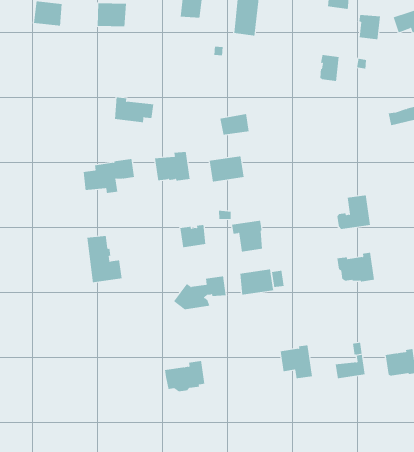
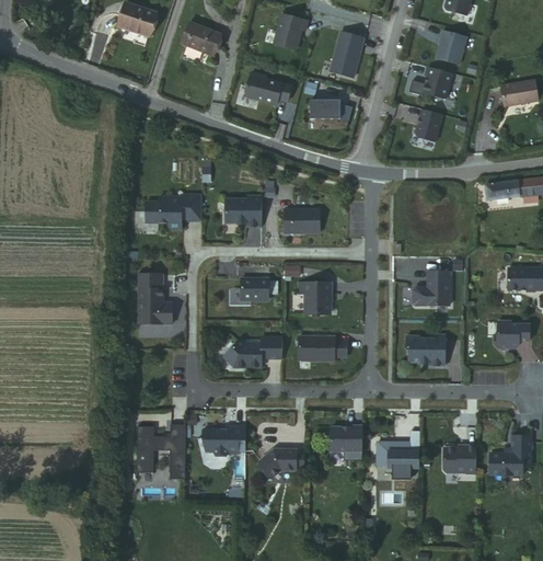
building: [358,14,381,40] -> [425,69,452,100]
building: [114,97,154,123] -> [246,75,292,107]
building: [219,114,249,135] -> [311,102,342,122]
building: none -> [136,424,184,479]
building: none -> [259,449,304,478]

